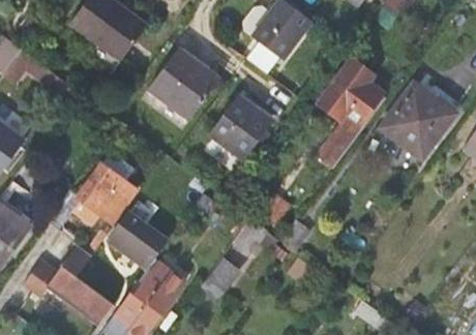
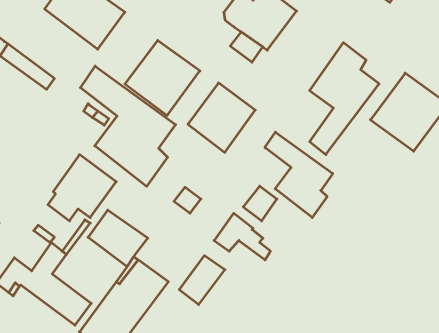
building: none -> [80,66,176,186]
building: none -> [265,132,333,218]

